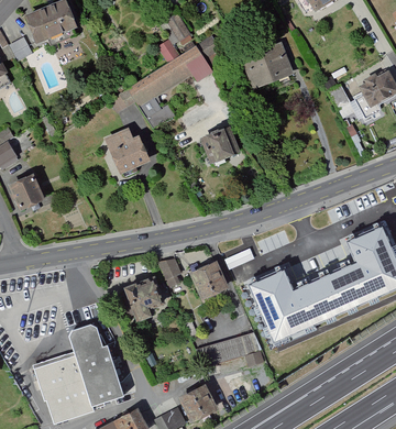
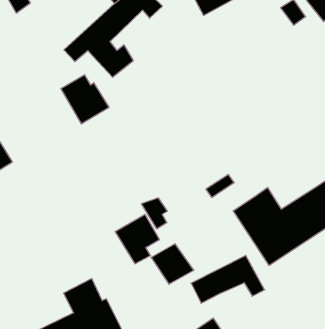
building: [199,125,239,163] -> none
building: [196,261,235,299] -> [151,244,194,284]

